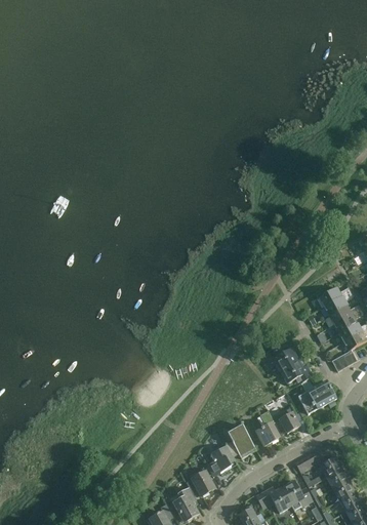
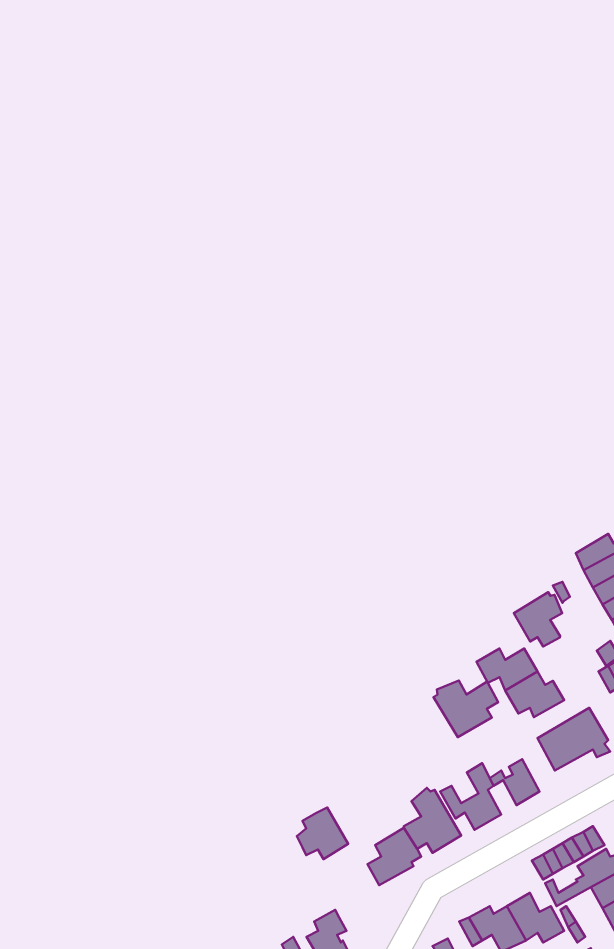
building: none -> [514,592,562,647]
building: none -> [433,680,498,737]
building: [187,468,214,495] -> [297,807,348,859]

